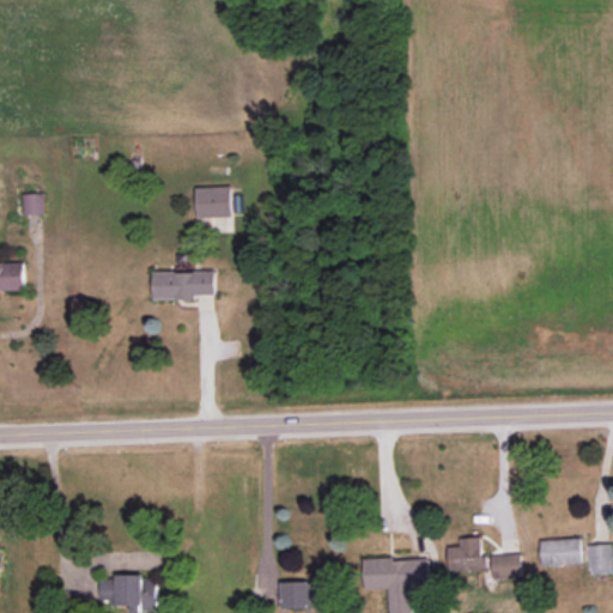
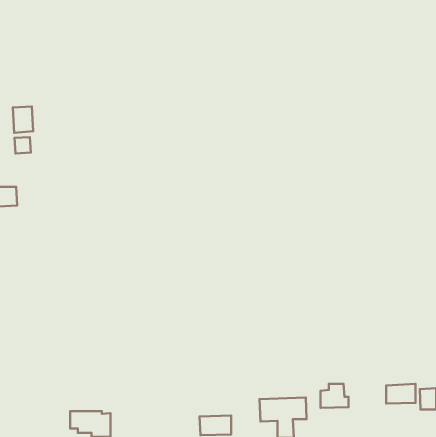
building: none -> [13,107,33,133]
building: [194,187,231,218] -> none
building: [152,272,214,298] -> none
building: [491,554,521,578] -> none

